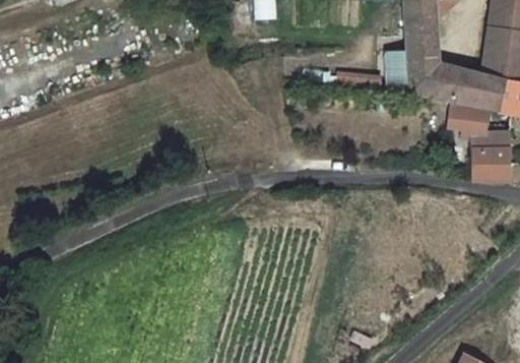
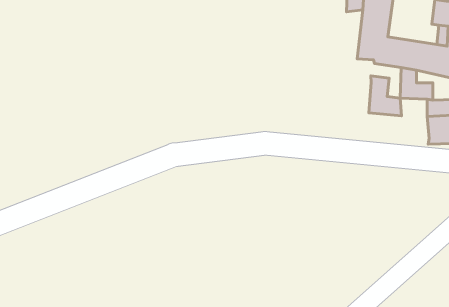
building: none -> [369,76,401,116]

